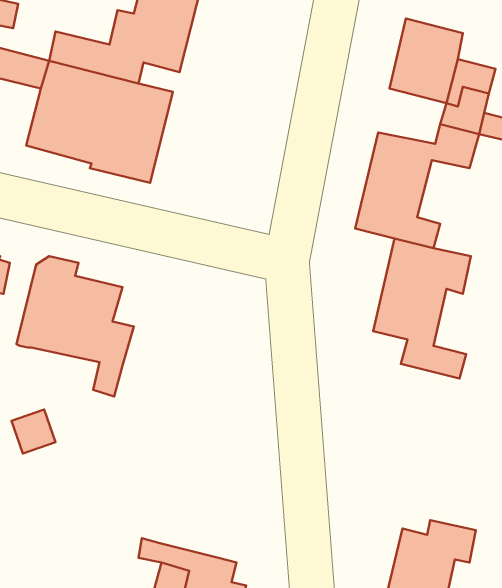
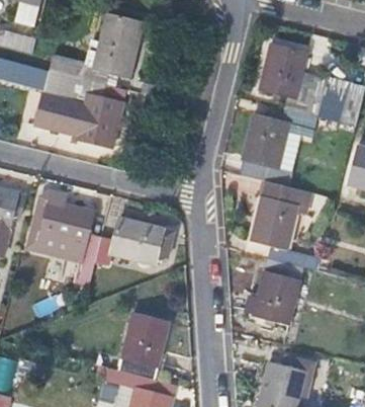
building: none -> [95,220,176,265]
building: none -> [240,260,304,325]
building: none -> [118,314,169,381]

